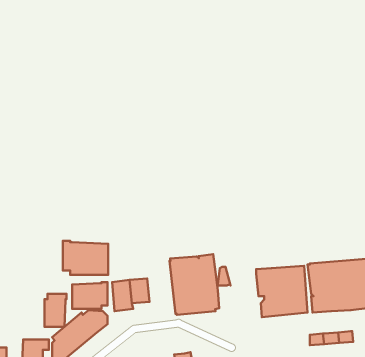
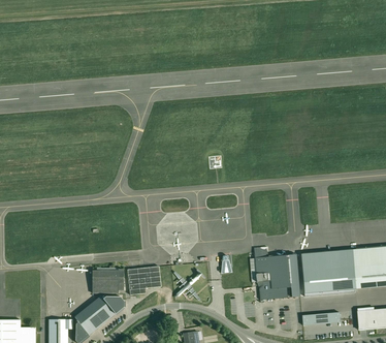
building: [63,241,108,275] -> none
building: [170,254,219,315] -> none
building: [45,294,66,327] -> none

